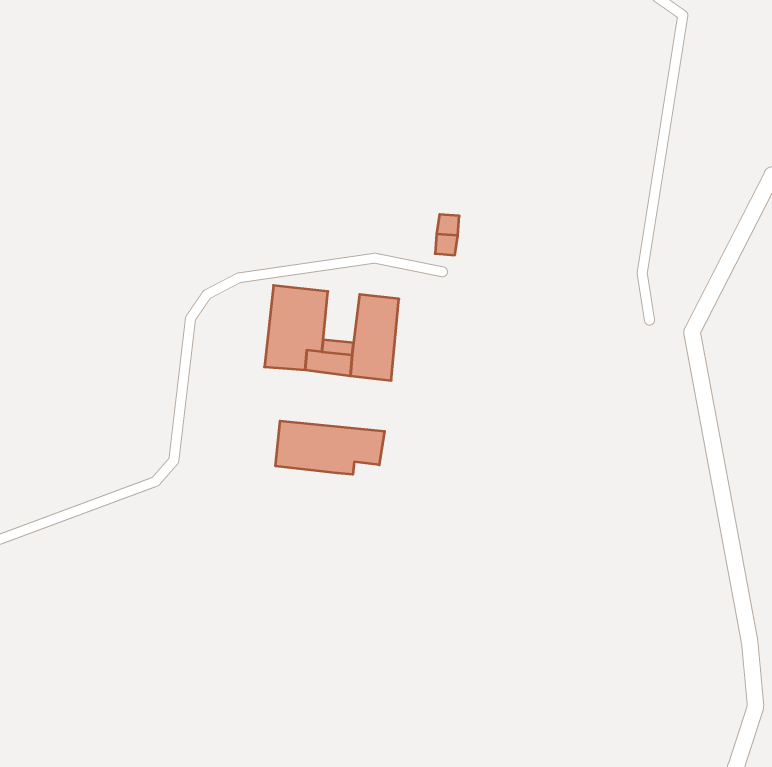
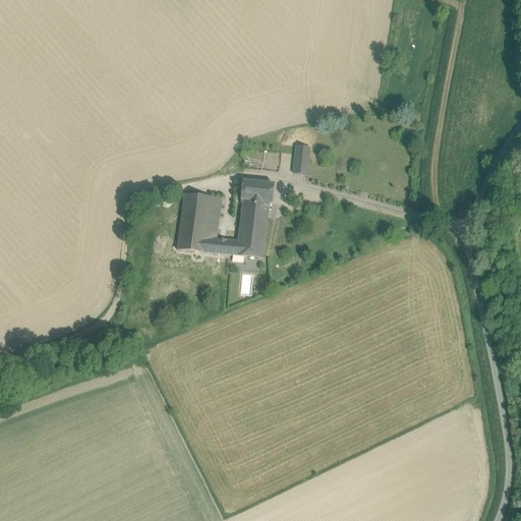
building: none -> [241,179,275,201]
building: [276,421,385,474] -> none

